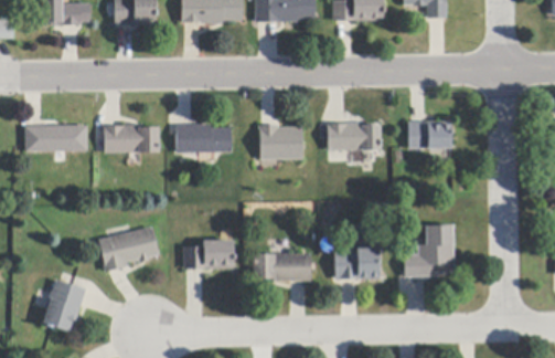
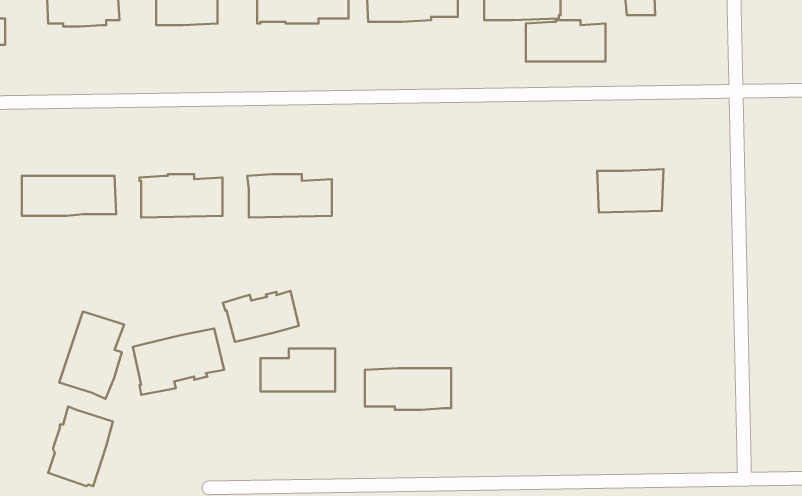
building: [328,122,381,149] -> [526,20,606,62]
building: [259,125,303,159] -> none
building: none -> [223,291,299,342]
building: none -> [59,312,124,399]
building: [405,224,455,277] -> none
building: [335,248,380,278] -> none

